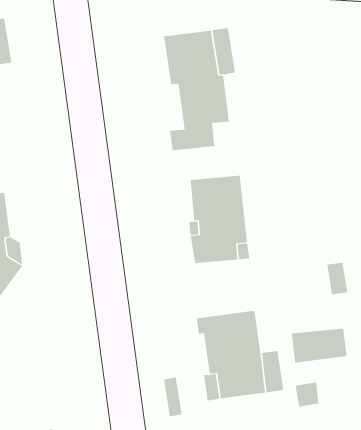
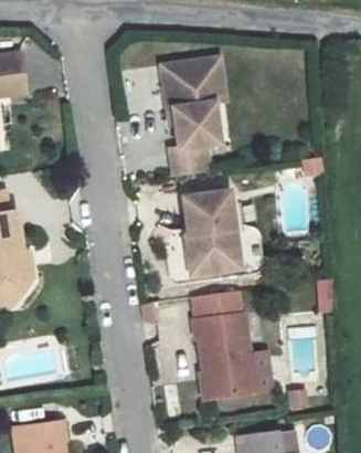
building: [291,328,348,363] -> [193,293,245,325]

